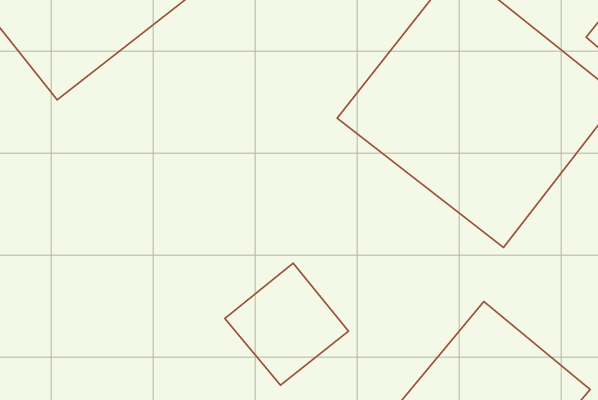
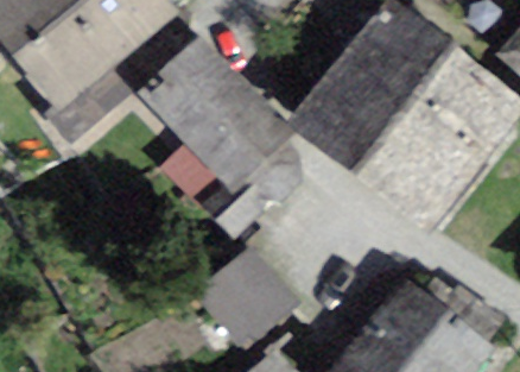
building: none -> [138,36,296,196]

